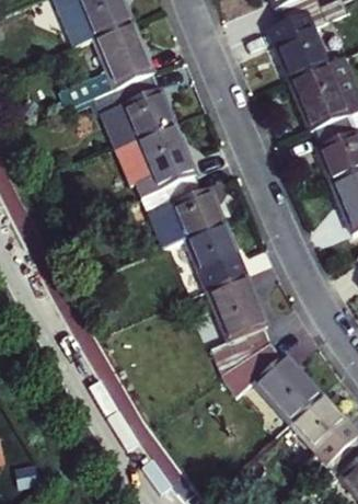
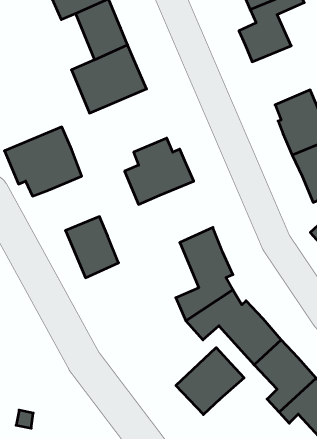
building: [286,66,349,133] -> none
building: [108,113,193,188] -> [4,127,82,196]
building: [185,214,243,280] -> [65,217,119,278]
building: none -> [176,348,244,415]

